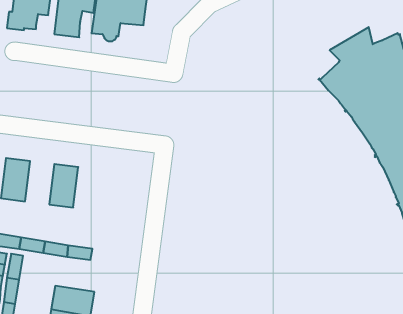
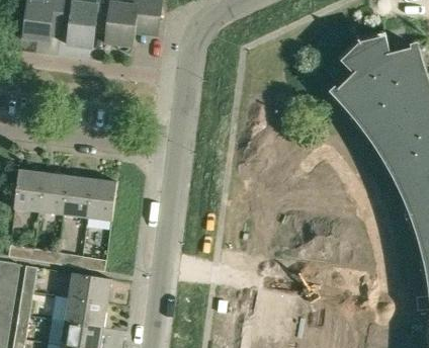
building: none -> [37,172,67,215]
building: none -> [86,178,116,222]
building: none -> [68,273,111,303]

